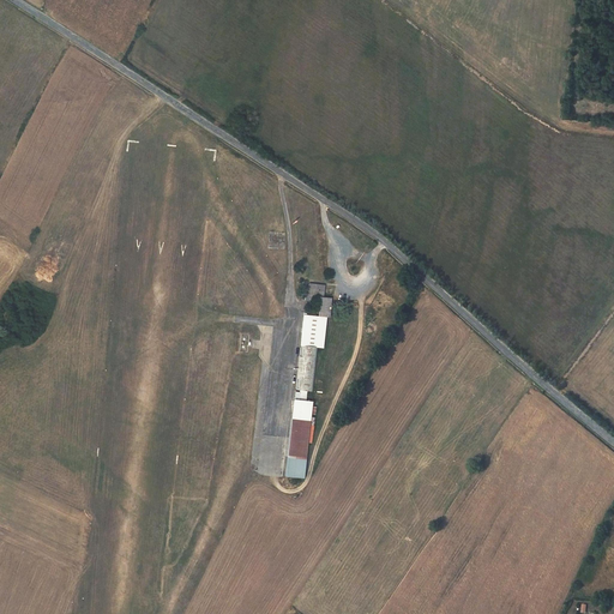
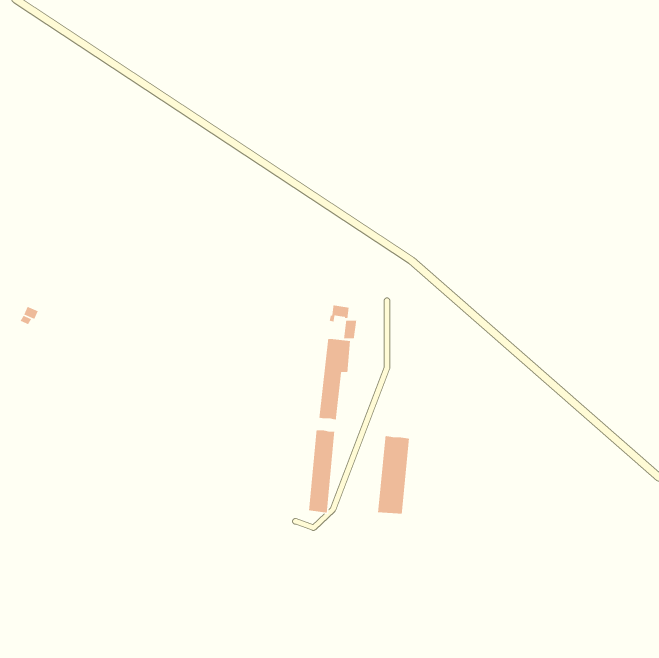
building: none -> [377,435,410,515]

